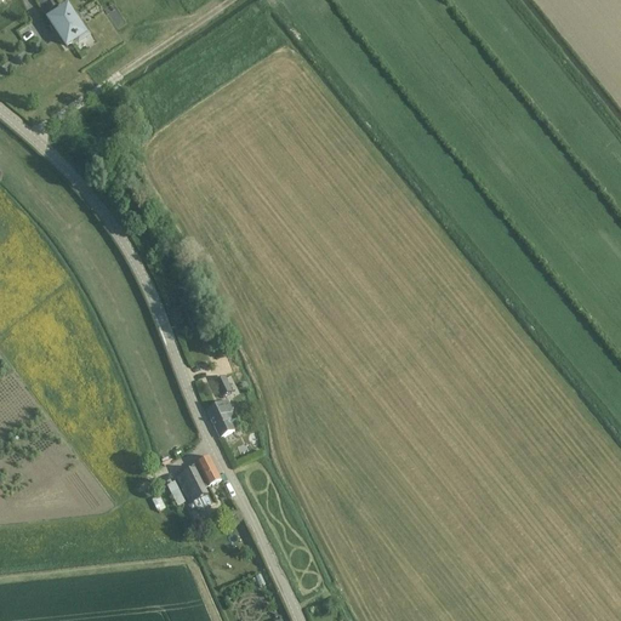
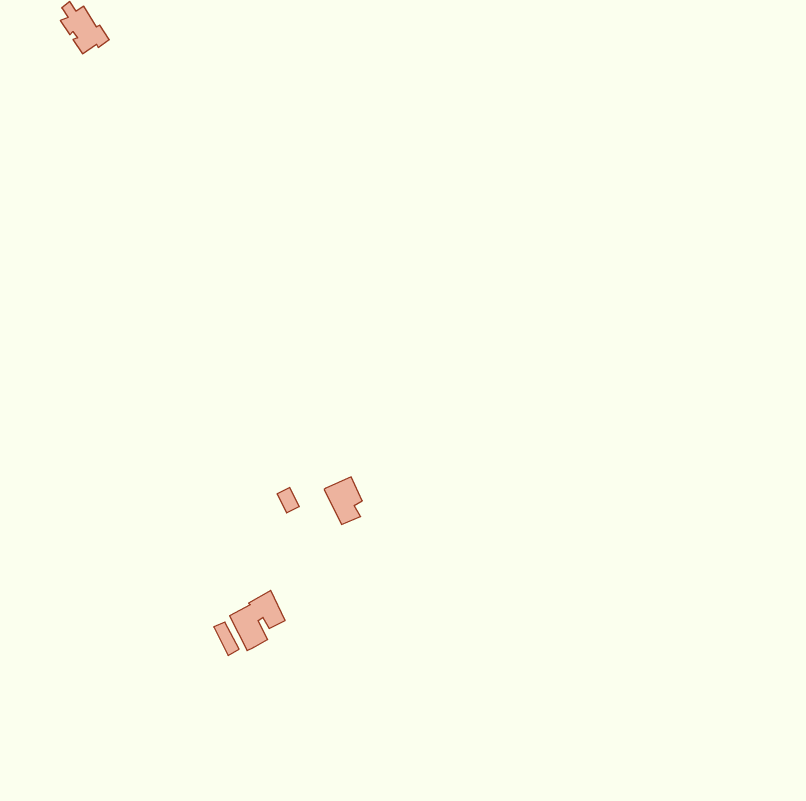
building: [204,397,233,433] -> [324,477,362,524]

